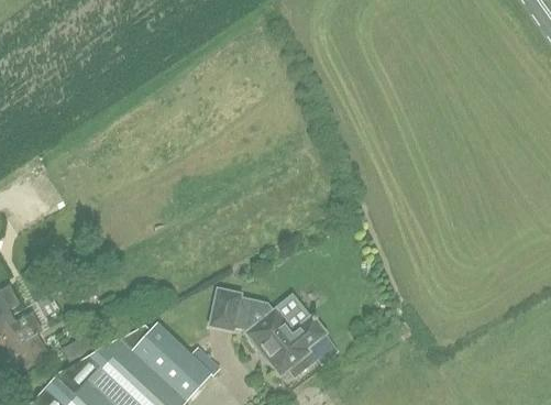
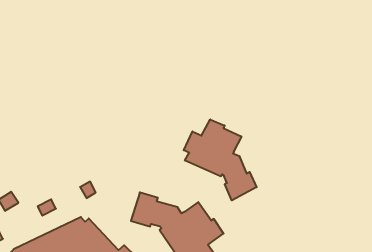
building: none -> [184,119,257,200]

